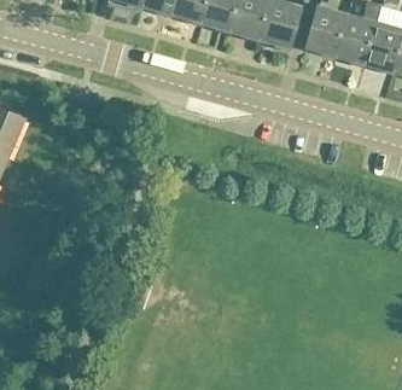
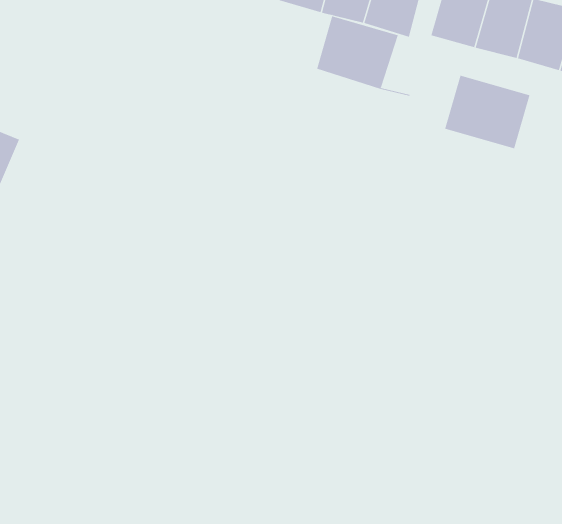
building: none -> [316,15,411,96]
building: none -> [444,75,530,149]

